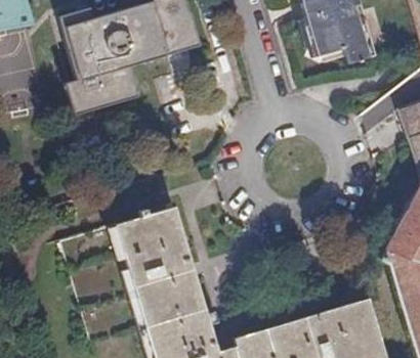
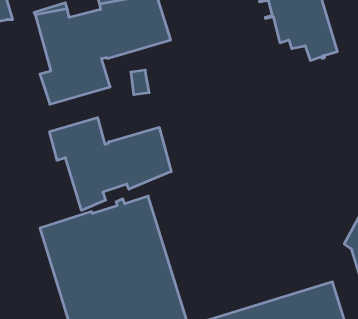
building: none -> [50,118,171,210]

